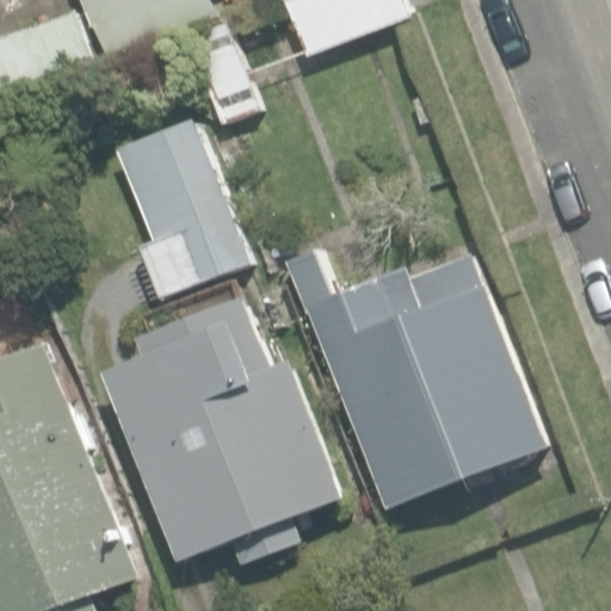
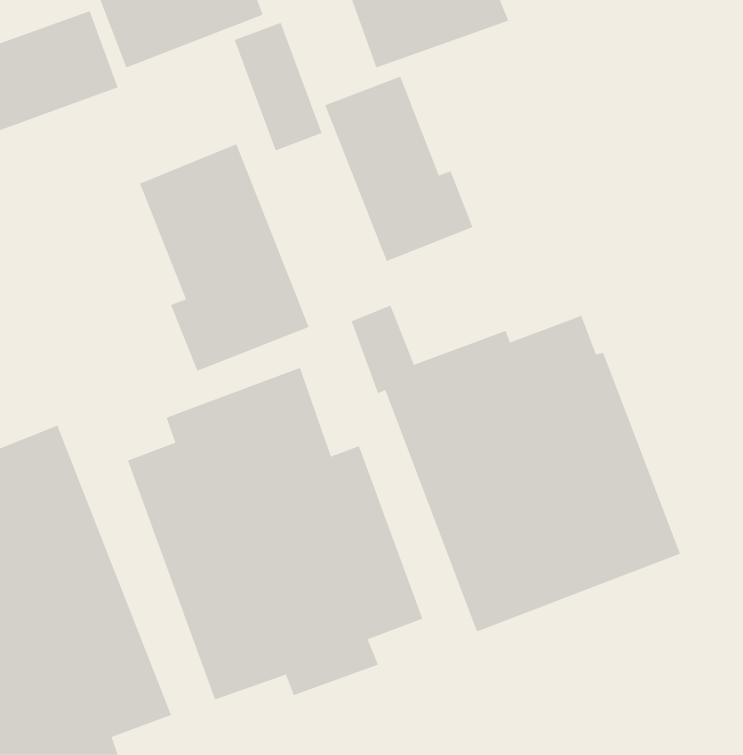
building: none -> [325,76,473,262]

